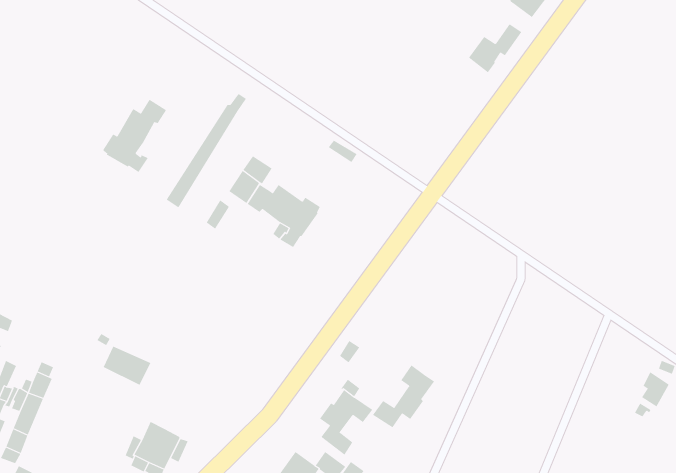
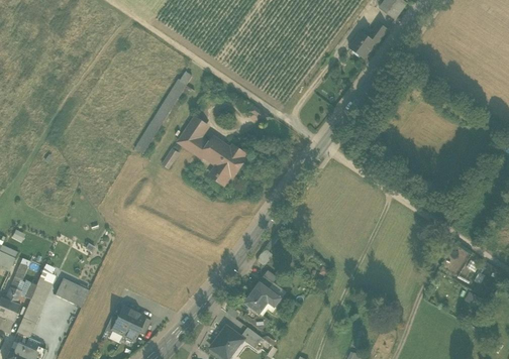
building: [102,99,167,173] -> none
building: [103,346,151,386] -> [55,278,89,307]
building: [372,364,435,428] -> none

